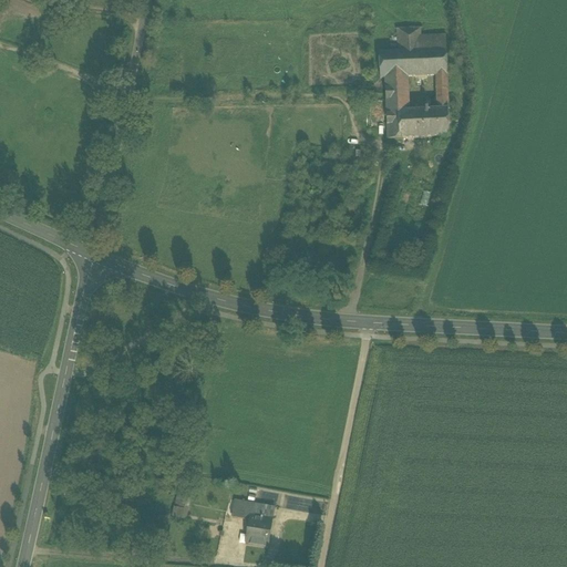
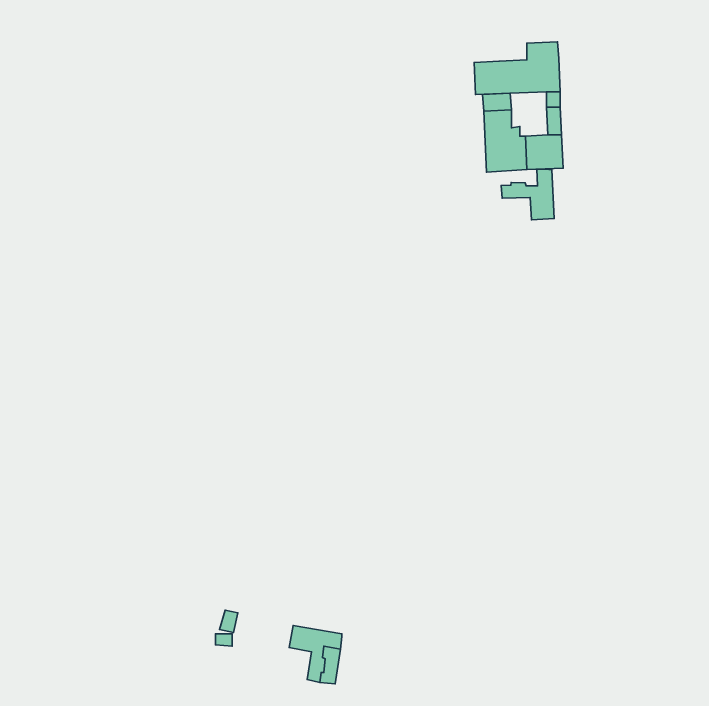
building: [396,25,420,49] -> none
building: none -> [501,169,554,220]

